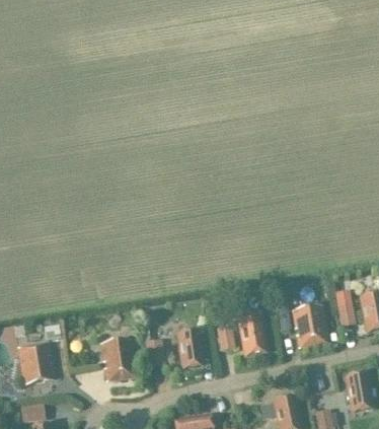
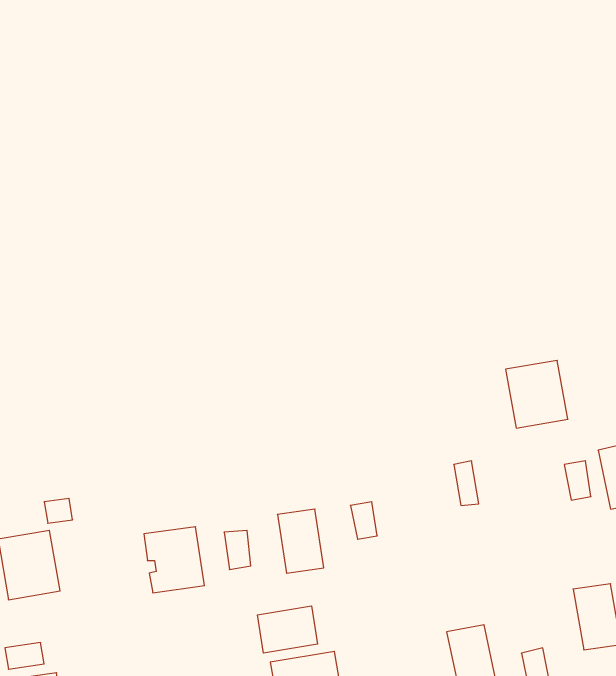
building: [292,306,327,345] -> [506,360,568,428]
building: [238,316,266,355] -> none
building: none -> [257,606,318,653]

